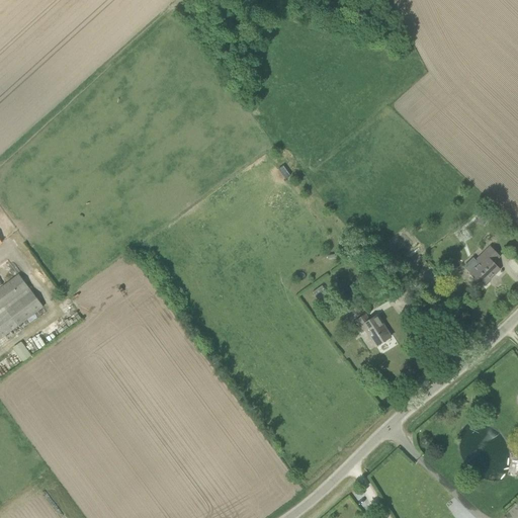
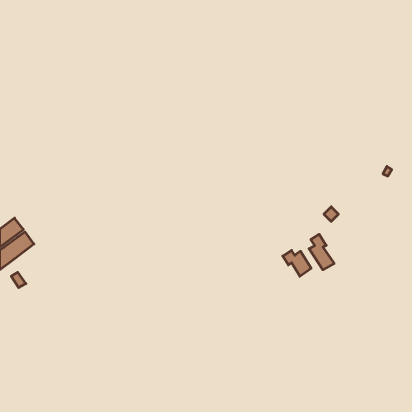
building: [469,247,499,285] -> none
building: none -> [309,234,334,270]

